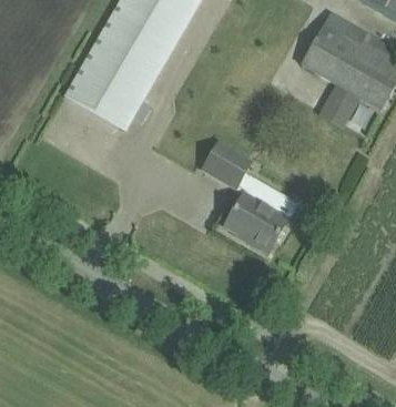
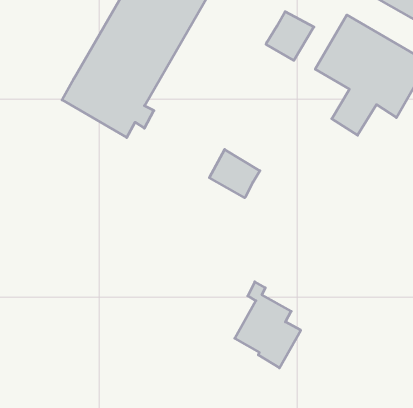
building: none -> [266,12,314,60]
building: [225,172,287,253] -> [235,282,301,368]

